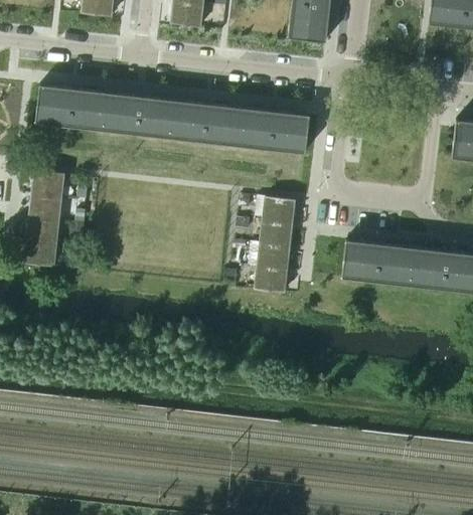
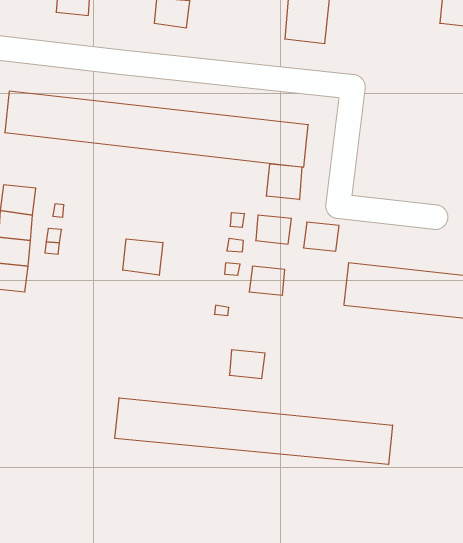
building: none -> [266,164,302,200]
building: none -> [123,239,163,275]
building: [260,219,292,245] -> [303,222,339,251]
building: [255,266,287,292] -> [229,350,265,379]
building: none -> [115,398,393,465]

